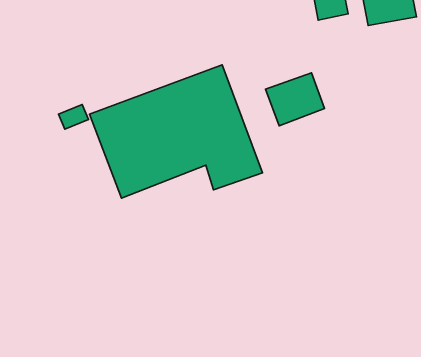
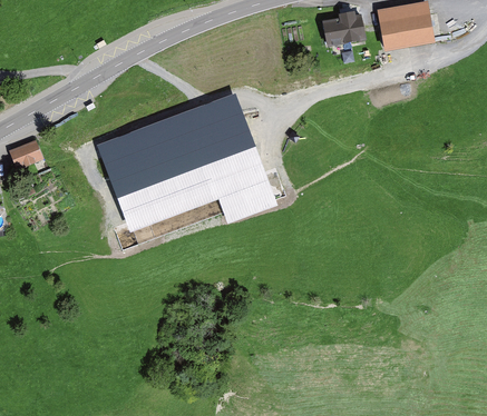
building: [266,73,325,126] -> none
building: [59,105,88,129] -> [11,140,42,166]

